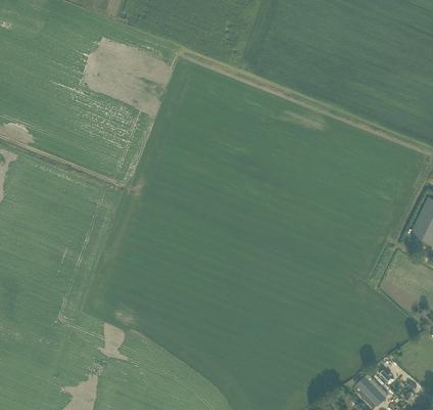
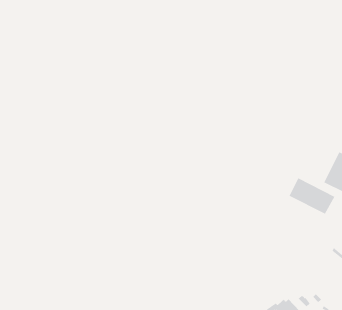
building: none -> [289,178,335,214]

